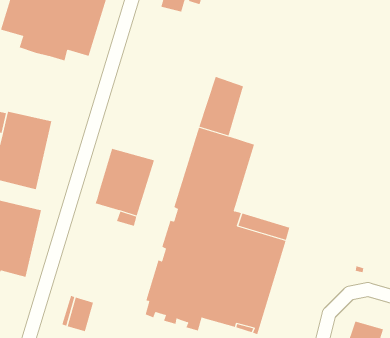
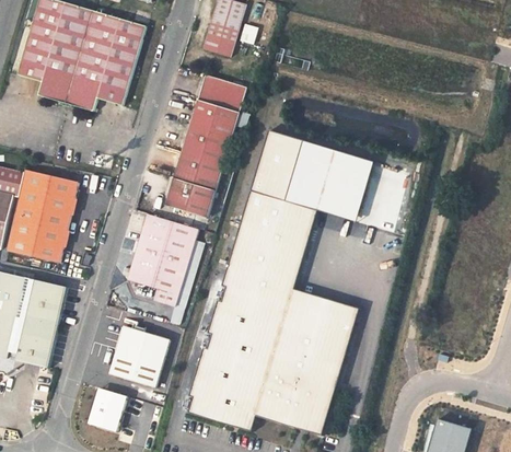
building: none -> [164,73,246,216]
building: none -> [287,140,371,220]
building: none -> [111,326,169,386]

